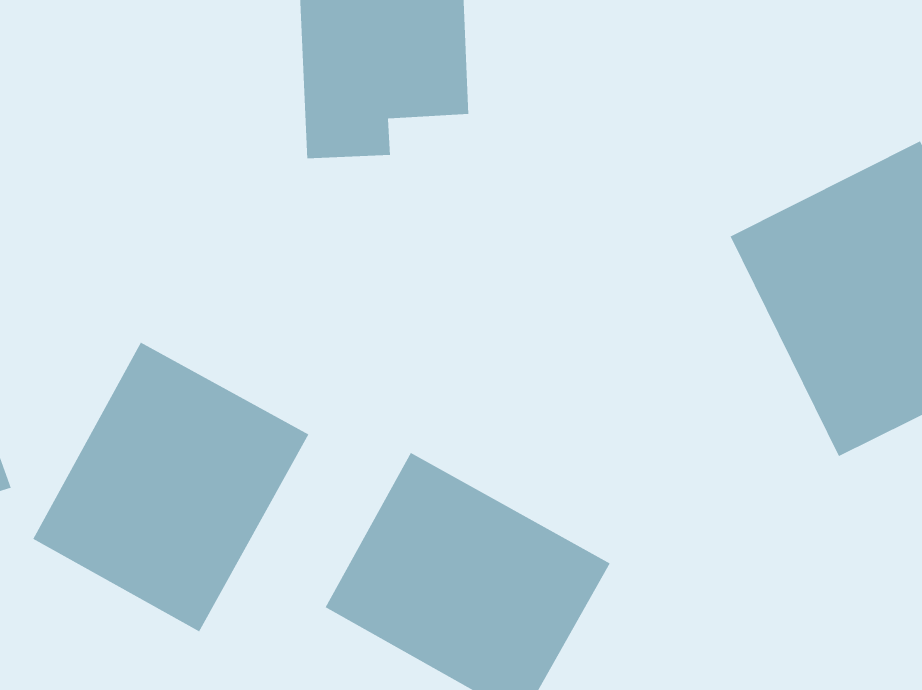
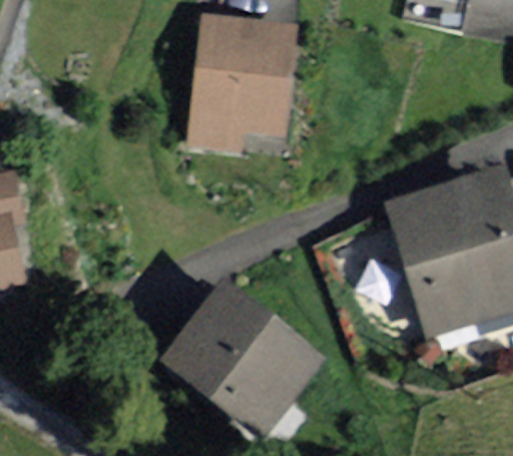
building: [32,341,310,632] -> none

